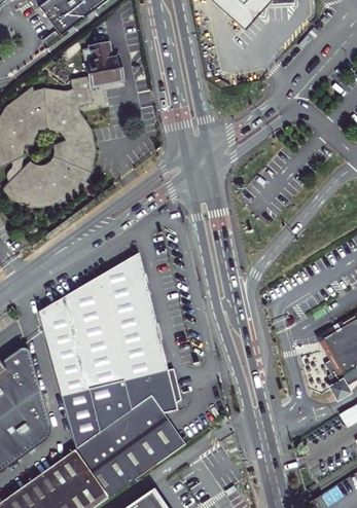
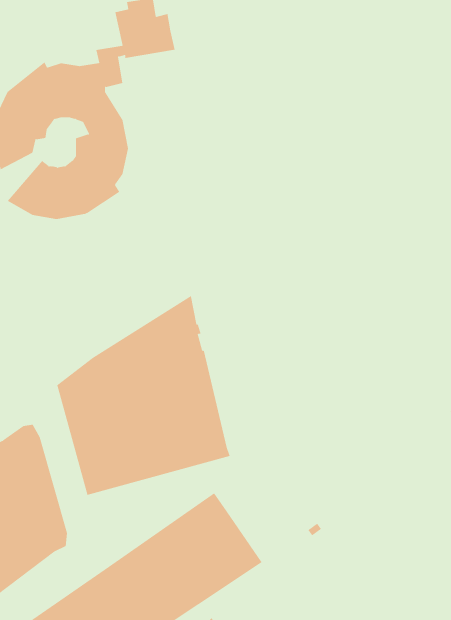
building: [63,368,176,448] -> none

